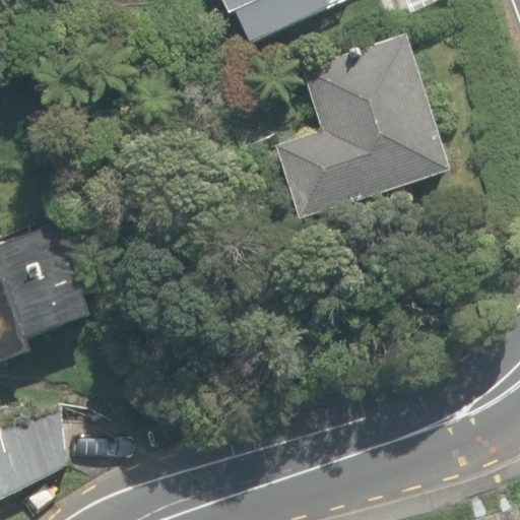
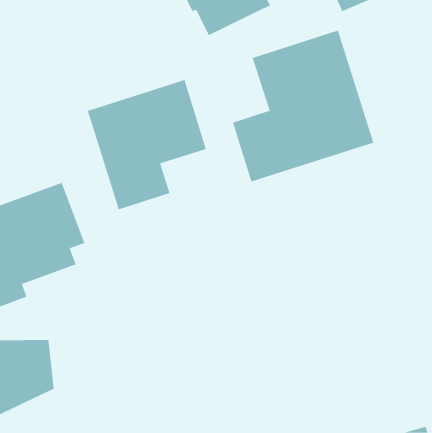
building: none -> [87,79,207,210]

